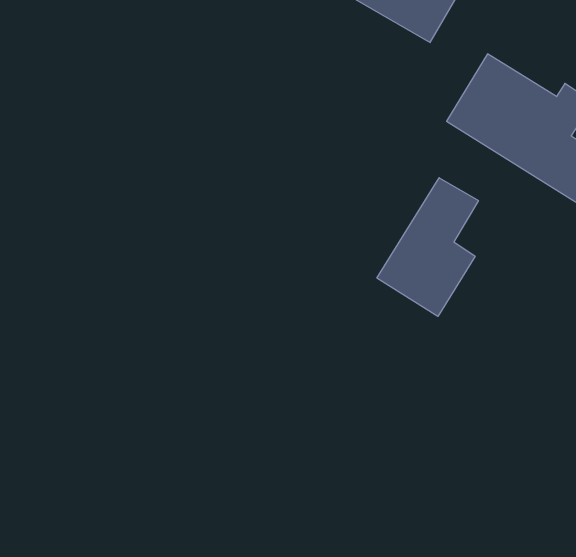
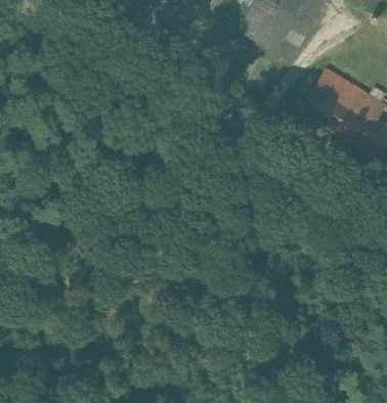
building: [377,178,478,316] -> none

